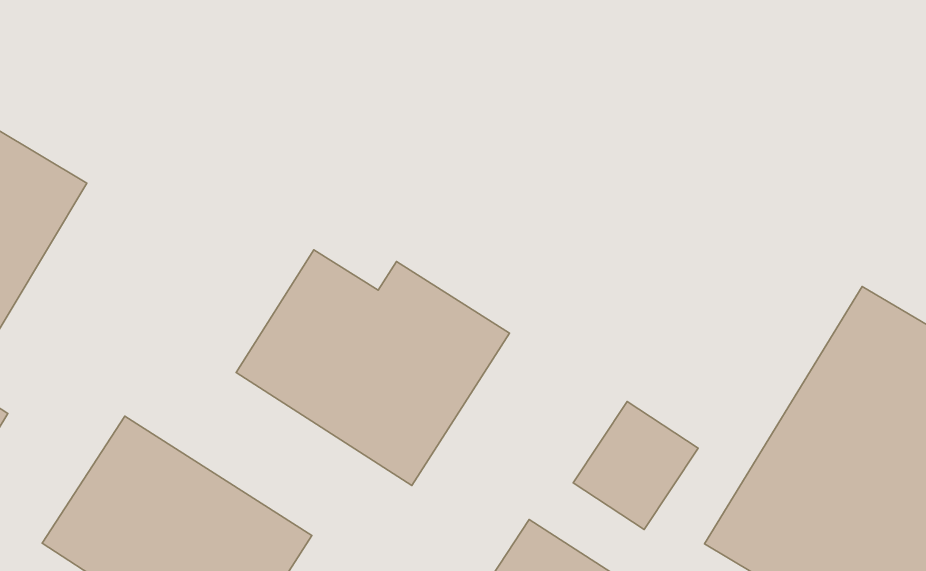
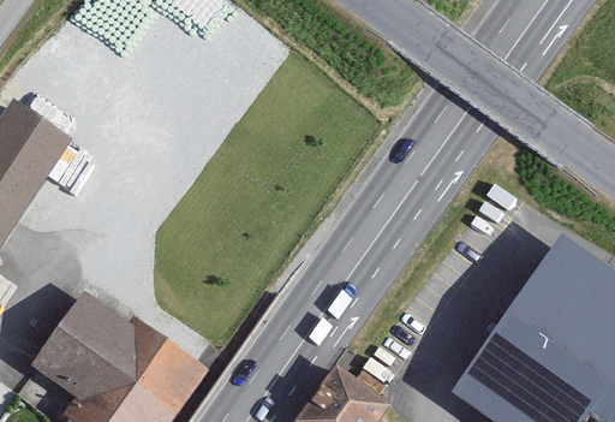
building: [236,250,510,485] -> none
building: [573,402,698,529] -> none

